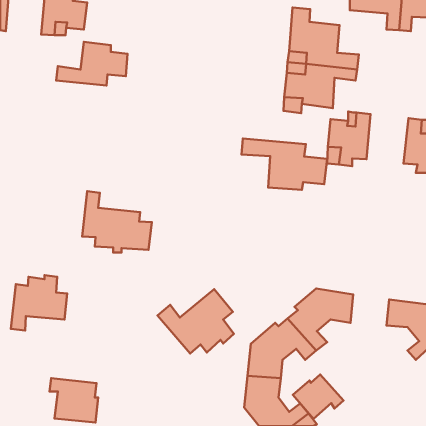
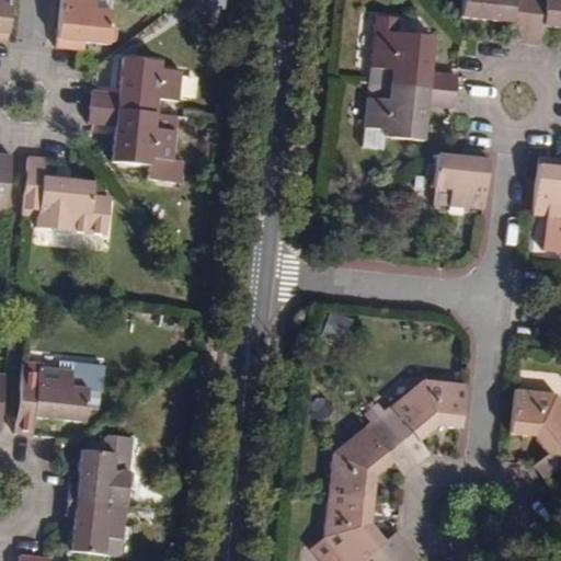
building: none -> [76,105,163,182]
building: [242,138,327,190] -> none
building: [82,191,152,252] -> [24,157,115,237]
building: [158,289,234,354] -> none
building: none -> [70,432,140,501]
building: [293,374,343,419] -> none

